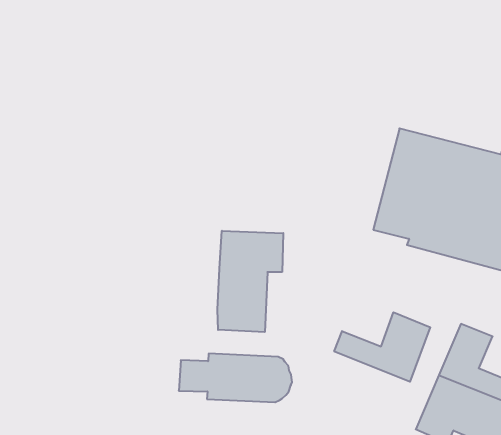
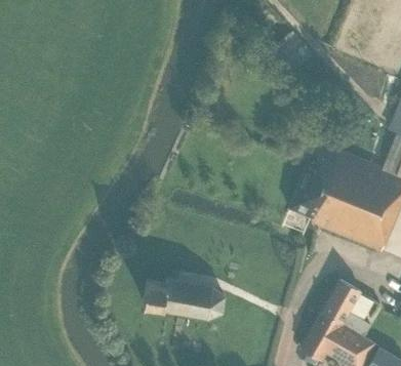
building: [217,231,283,332] -> none
building: [334,312,430,382] -> none

